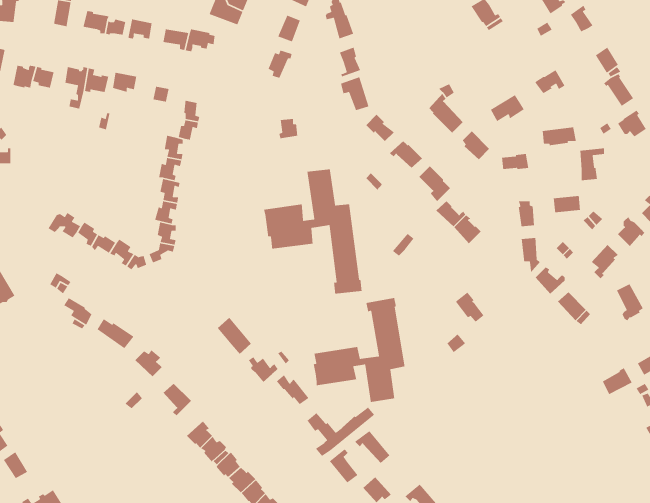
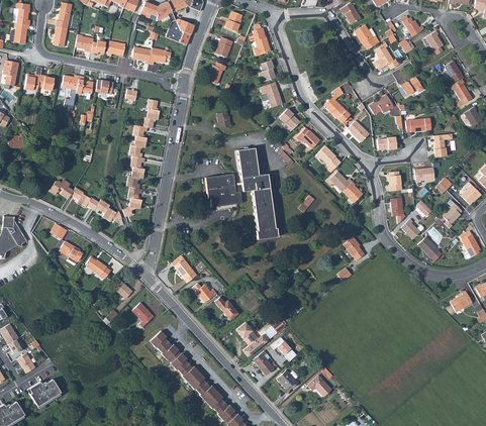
building: none -> [374,42,400,70]
building: [313,297,406,403] -> none

